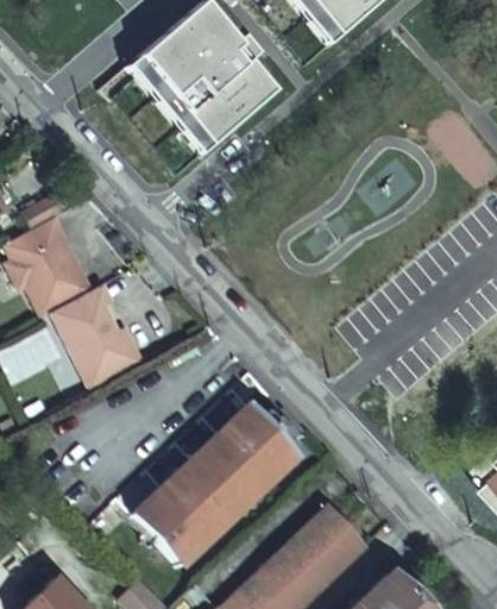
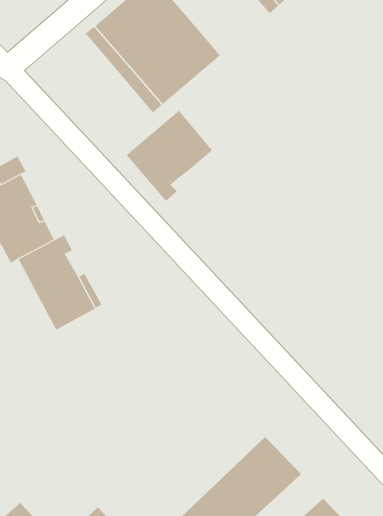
building: none -> [126,110,213,202]
building: [133,406,308,566] -> none

